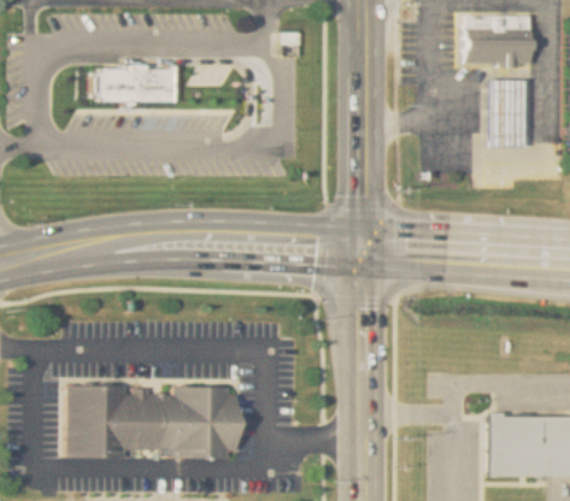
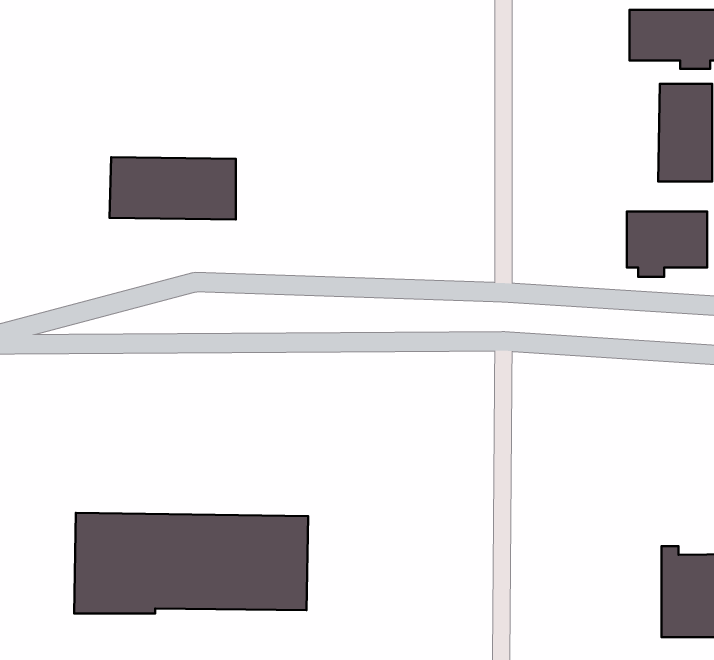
building: [92,59,182,104] -> [110,157,236,220]
building: none -> [627,212,707,277]

